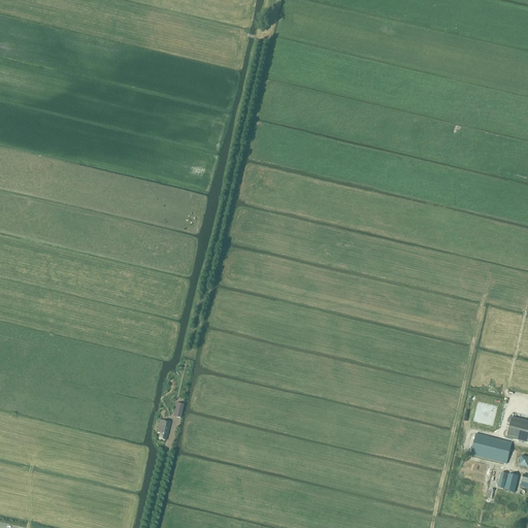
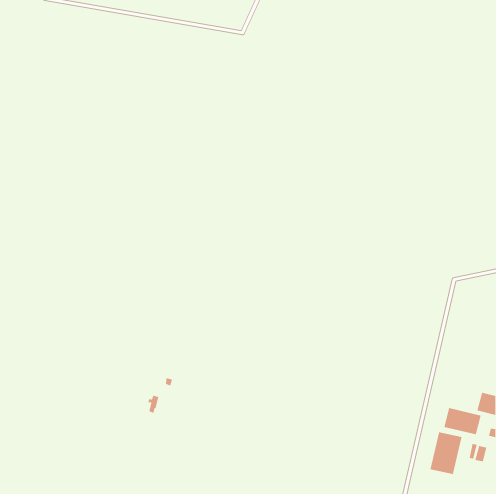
building: none -> [430,431,462,475]

